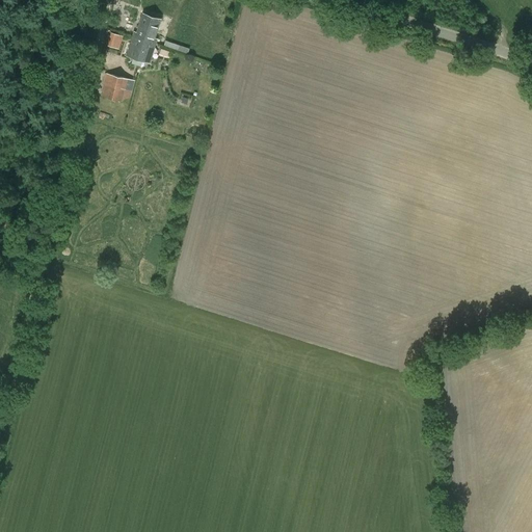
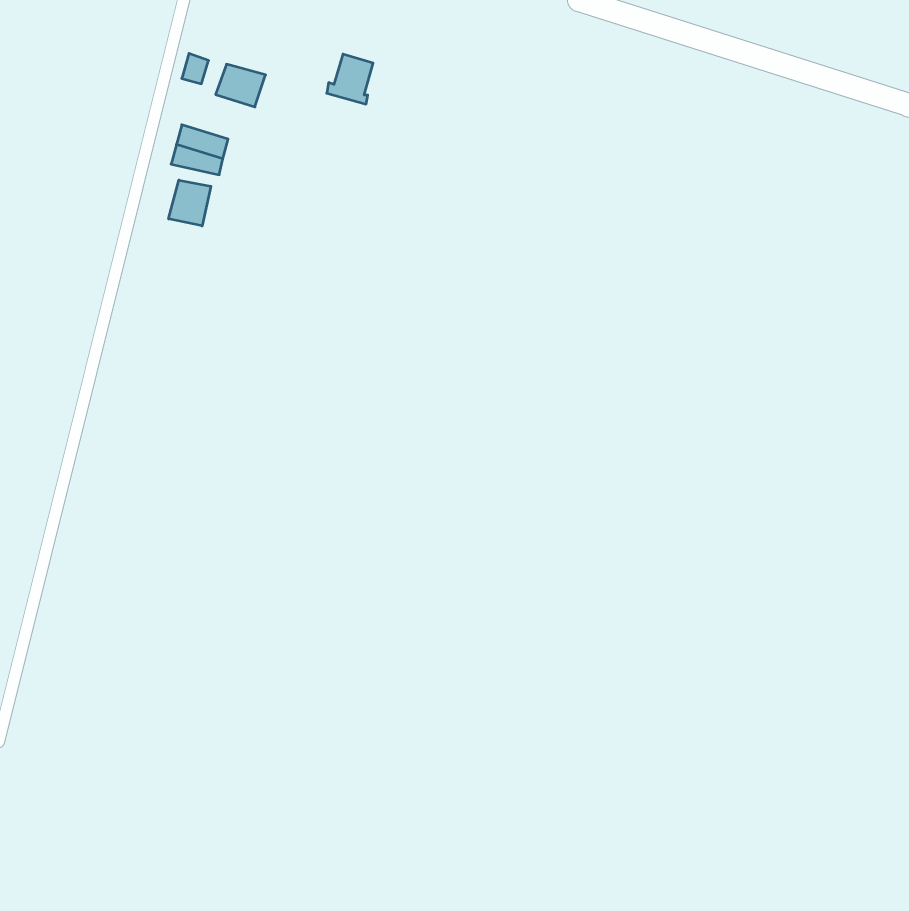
building: [132,15,159,44] -> [327,54,373,104]
building: none -> [169,180,211,226]

